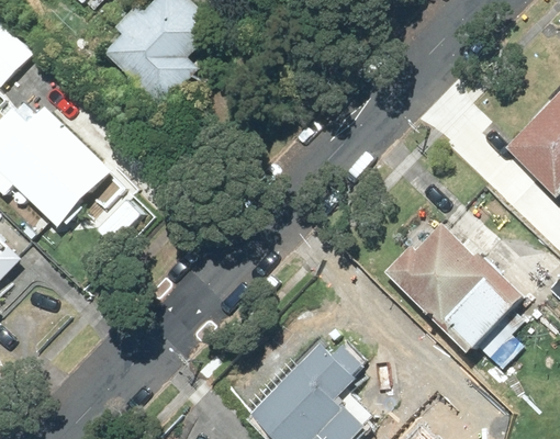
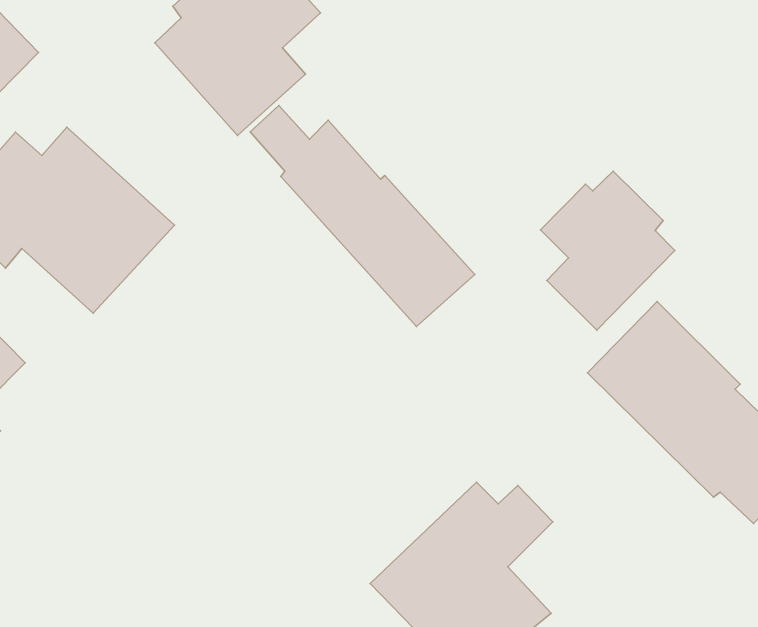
building: none -> [250,106,475,326]
building: none -> [540,171,675,330]

